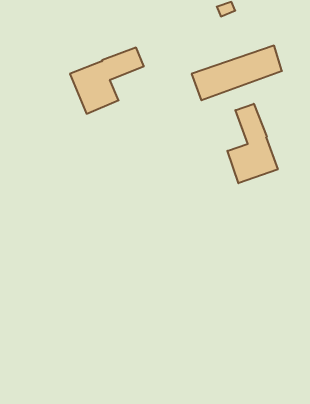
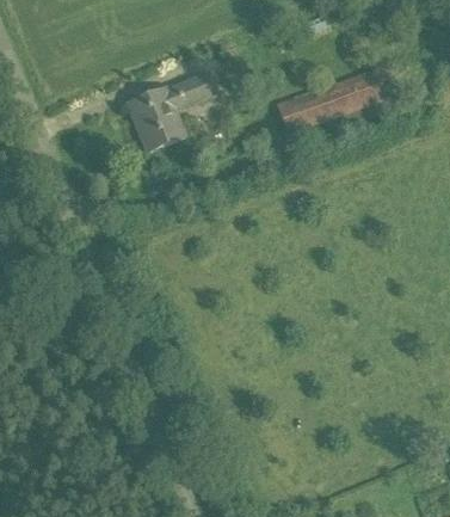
building: [227,104,278,183] -> none

